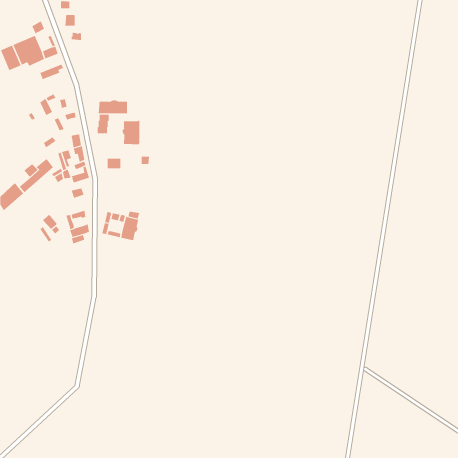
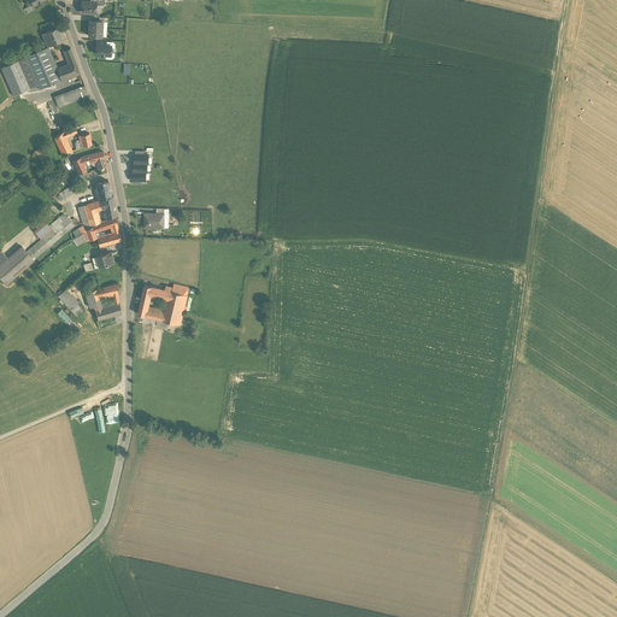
building: [98,100,128,114] -> none
building: [122,120,140,145] -> none

